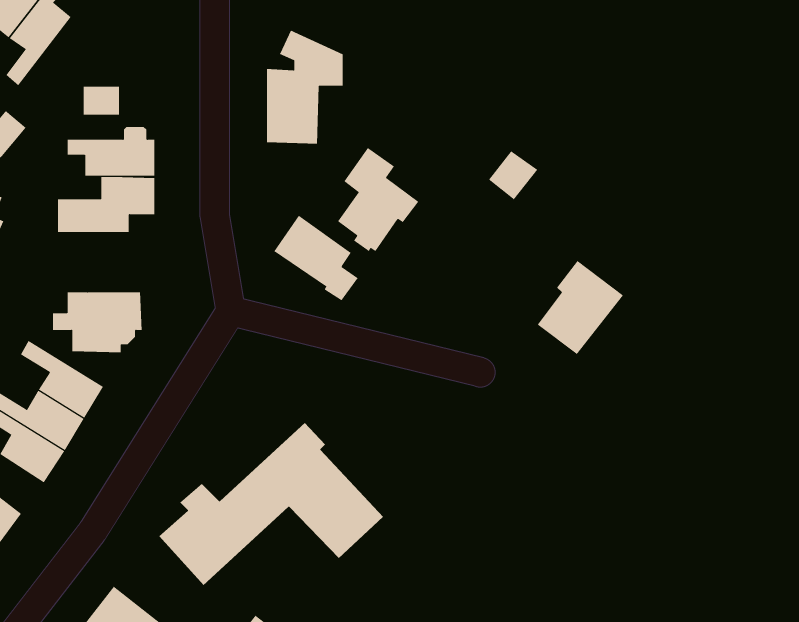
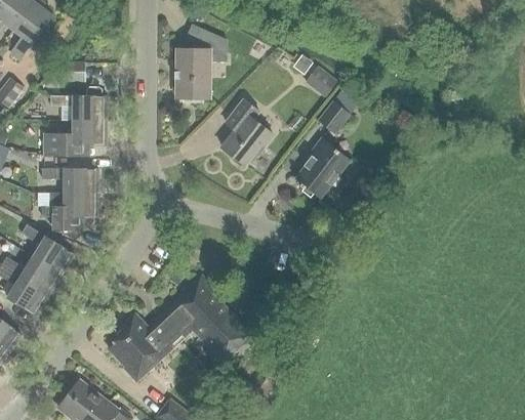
building: none -> [304,65,336,96]
building: [274,215,359,301] -> none
building: none -> [41,168,96,192]
building: [537,260,624,355] -> [294,137,350,198]

